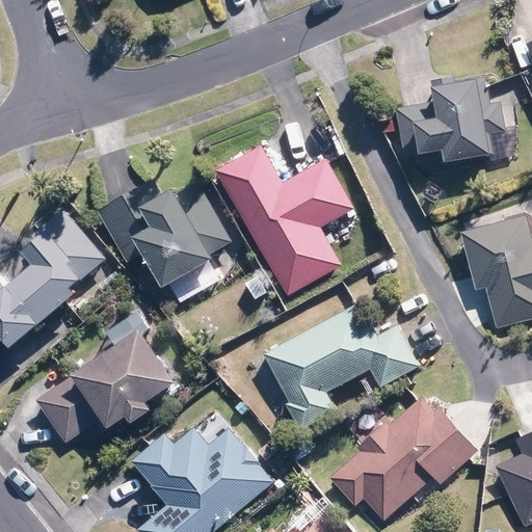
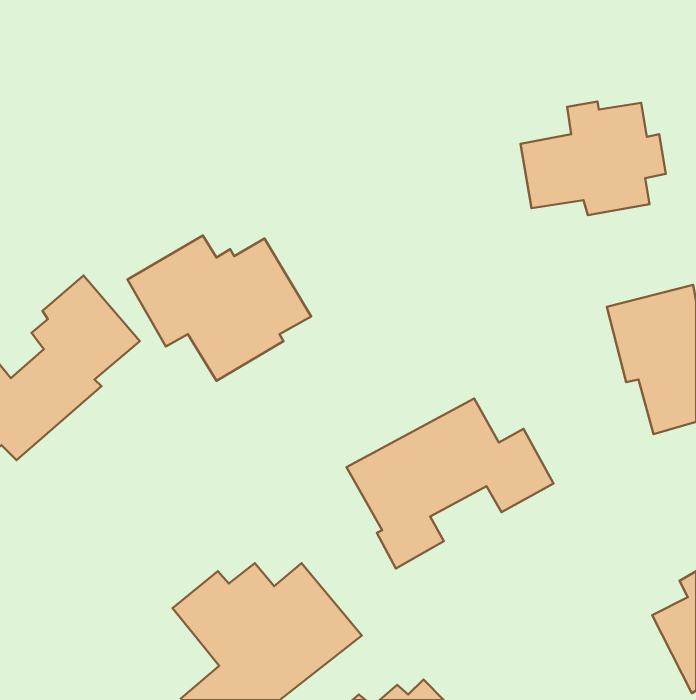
building: [215,145,354,295] -> none
building: [35,329,178,443] -> none
building: [330,397,478,520] -> none

